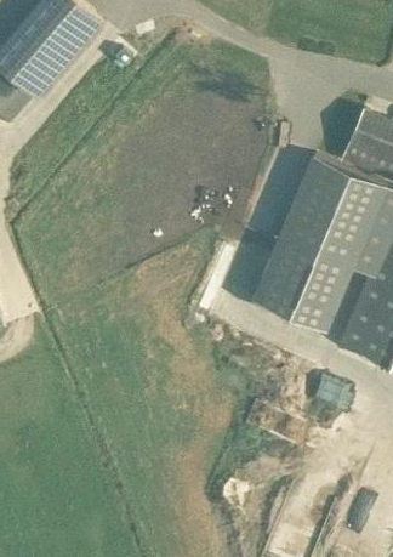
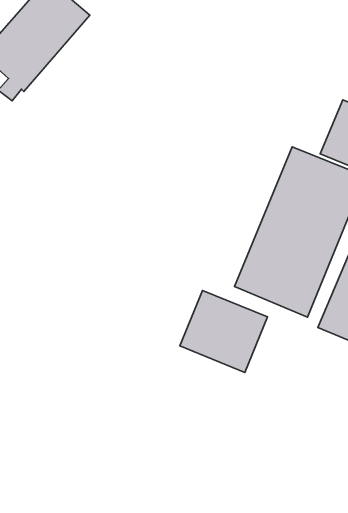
building: none -> [180,290,268,373]

